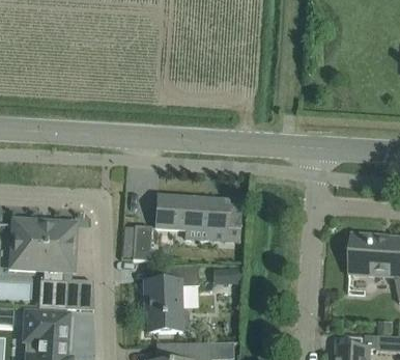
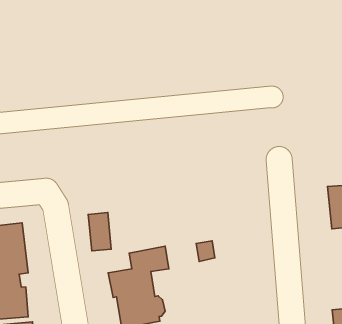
building: [155,194,242,239] -> none

